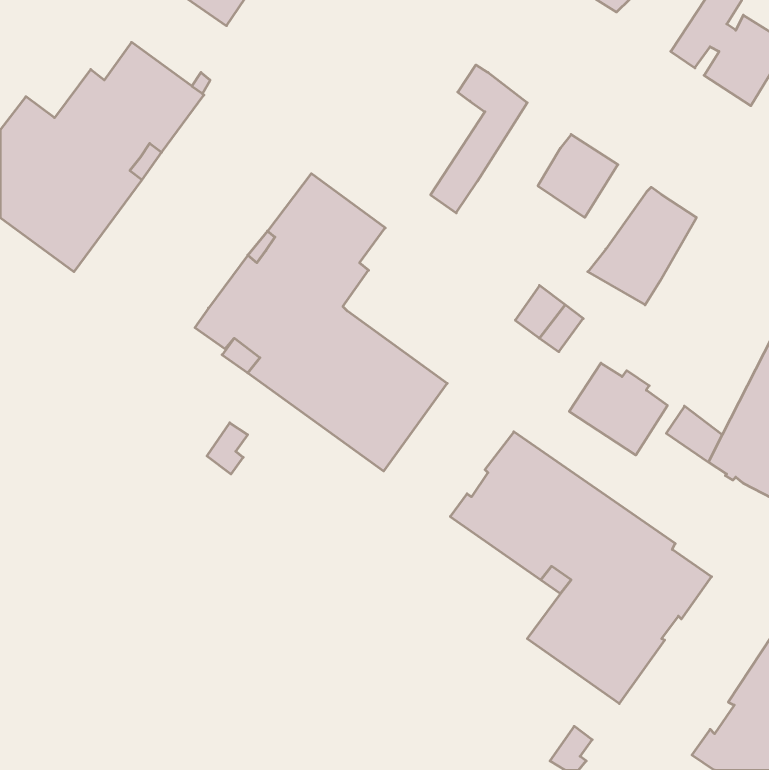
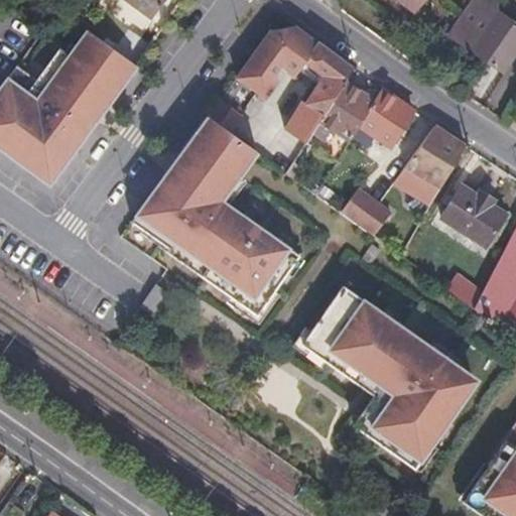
building: none -> [237,25,319,95]
building: none -> [320,80,376,140]
building: [569,363,667,455] -> [442,184,508,246]

